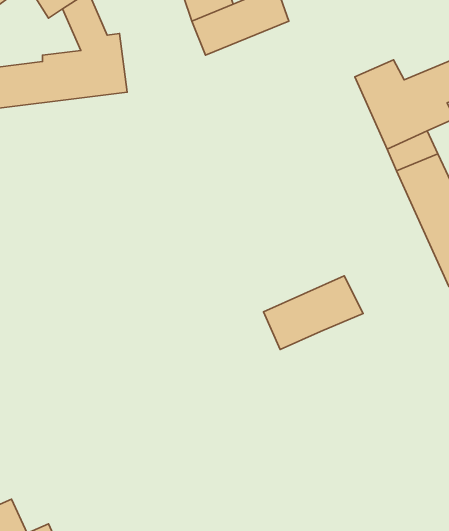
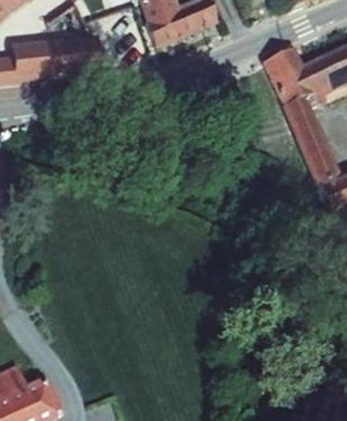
building: [264,276,363,349] -> none

